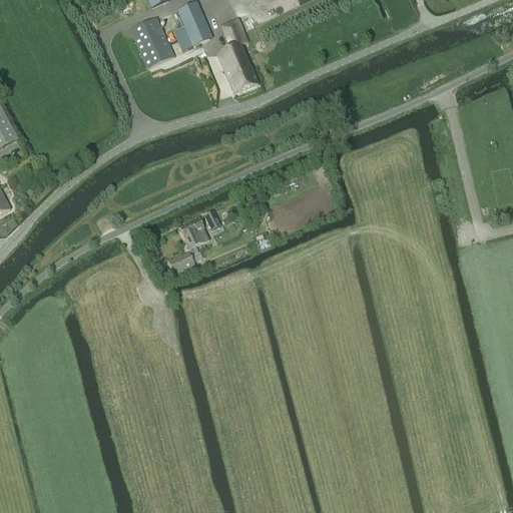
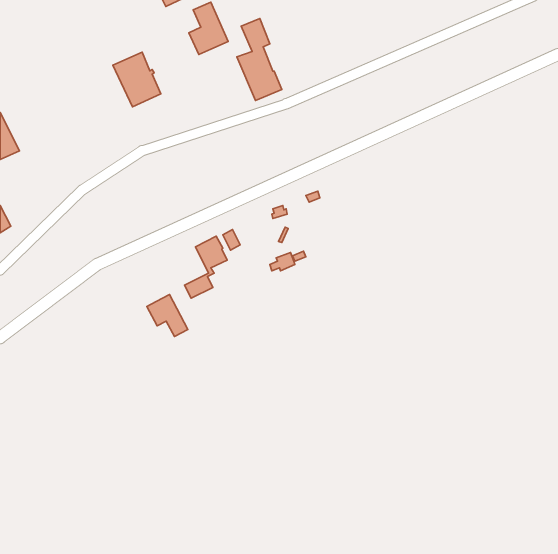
building: [130,16,174,66] -> [113,52,161,107]
building: none -> [147,294,188,337]

